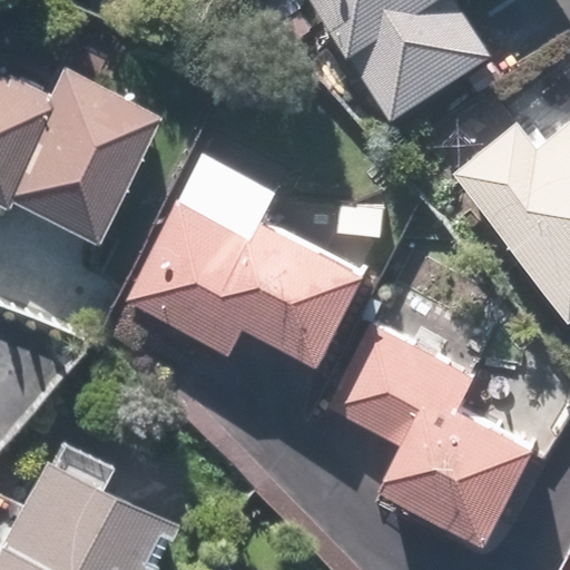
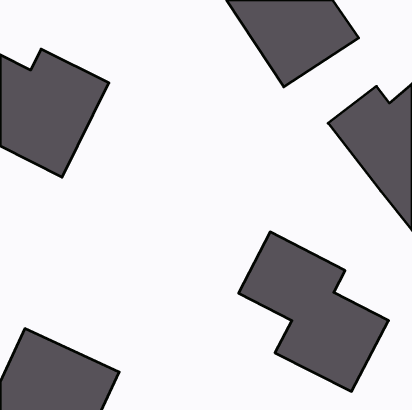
building: [127,198,371,367] -> none

